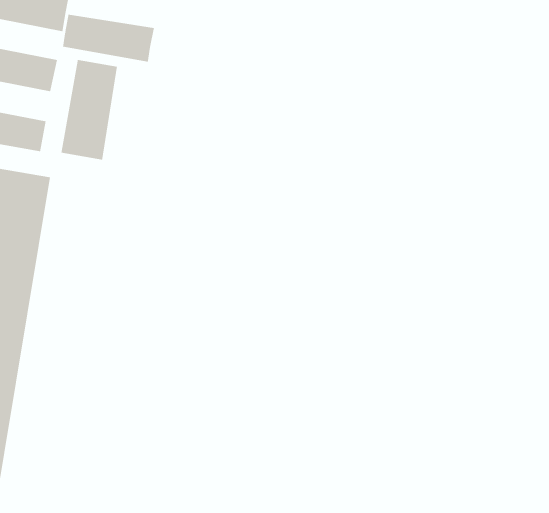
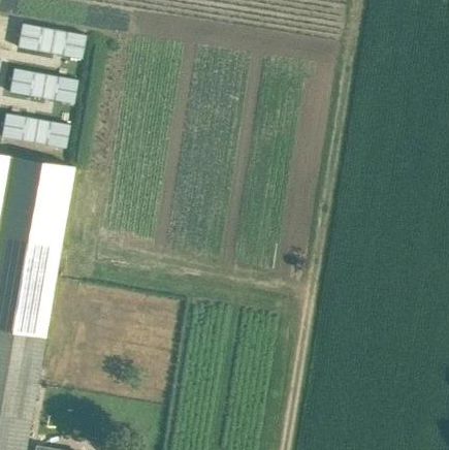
building: [62,14,155,62] -> none
building: [61,59,118,161] -> none

